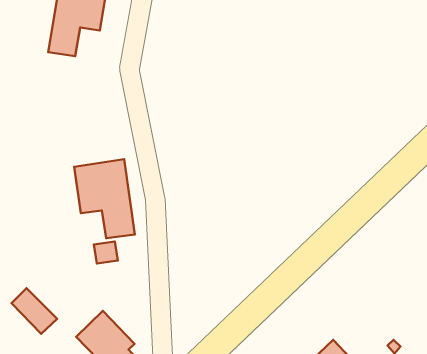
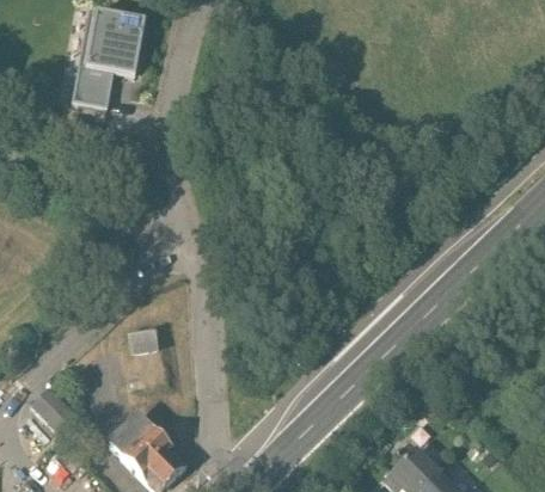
building: [74,159,135,238] -> none

